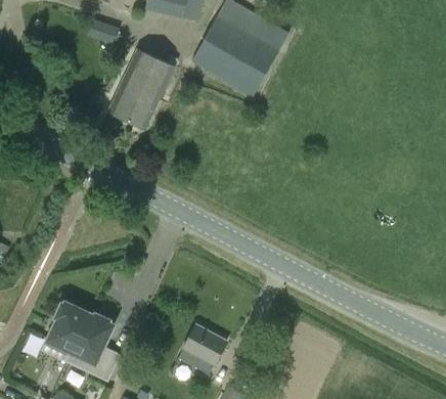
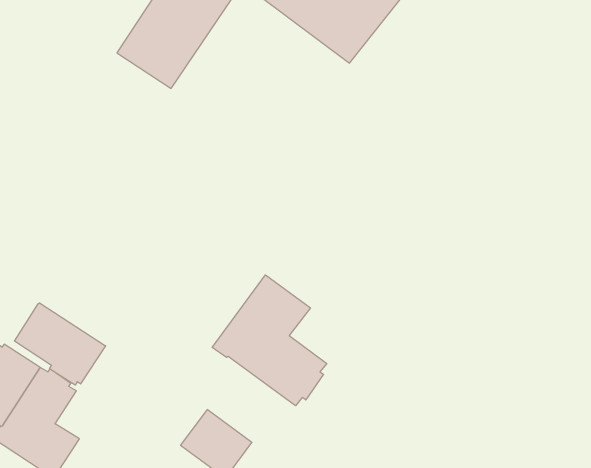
building: none -> [212,275,327,406]
building: none -> [15,303,106,385]

